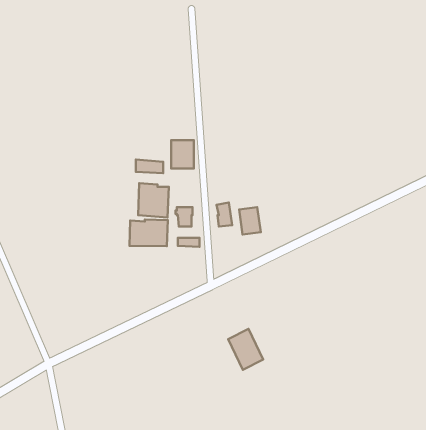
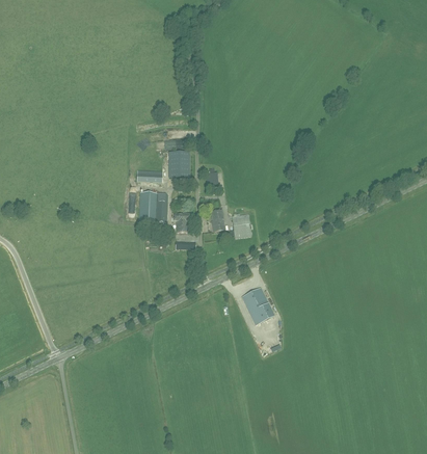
building: [129,220,168,246] -> none
building: [228,329,263,370] -> [241,286,273,323]

